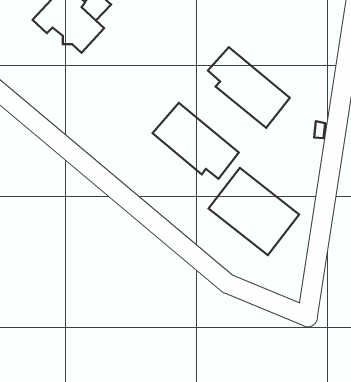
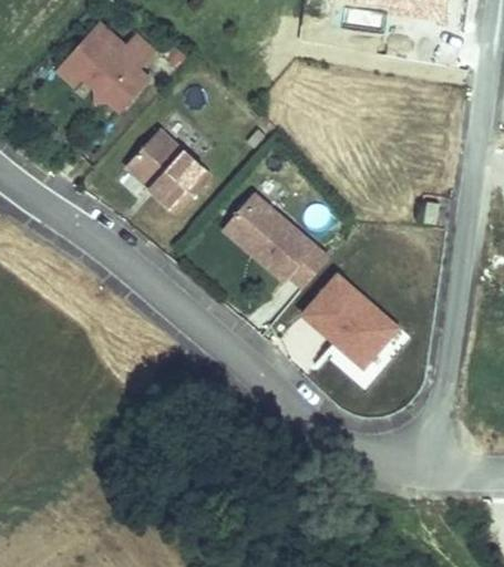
building: [208,47,290,128] -> none
building: none -> [125,130,210,214]

